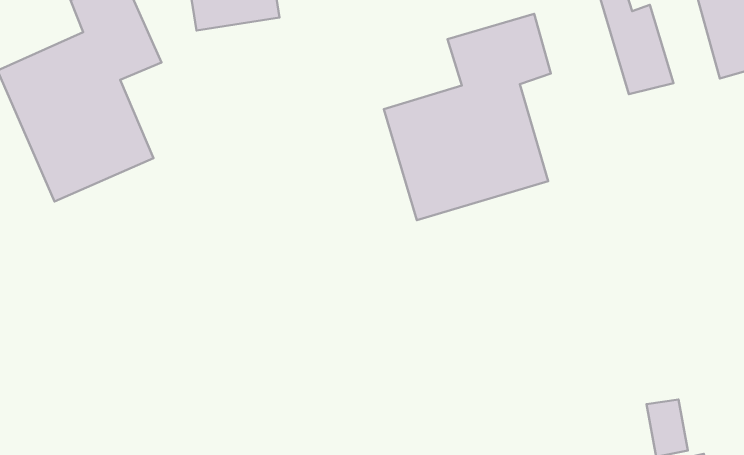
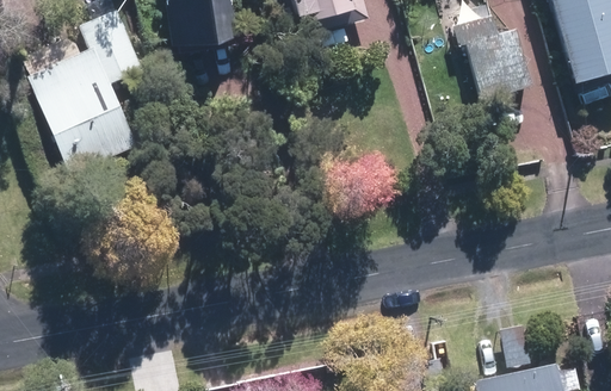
building: [384,14,551,220] -> none

